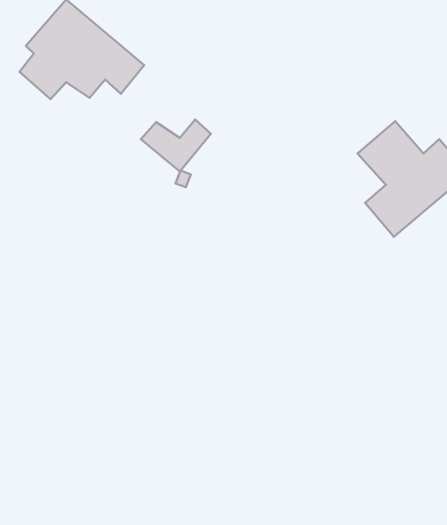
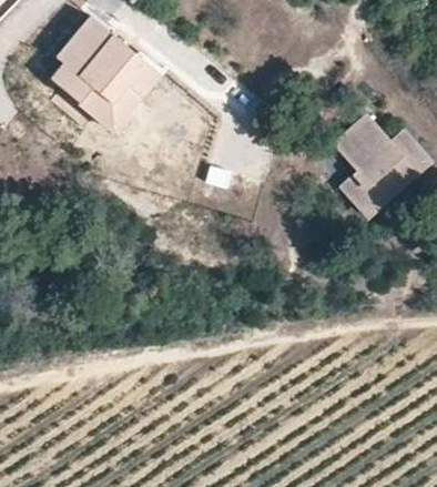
building: [141,120,211,171] -> [75,83,135,128]

